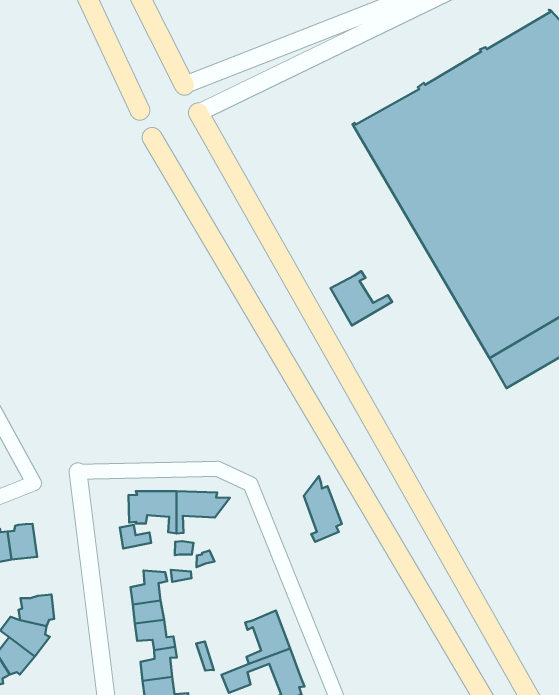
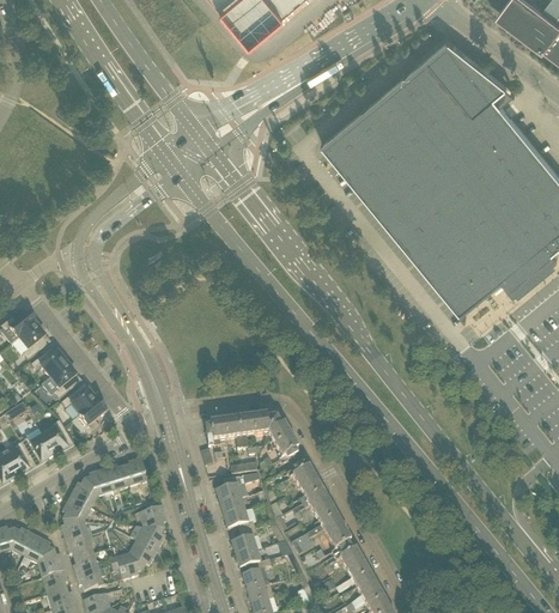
building: [331,271,392,325] -> none
building: [304,476,342,542] -> [268,418,298,465]
building: none -> [286,465,322,502]

